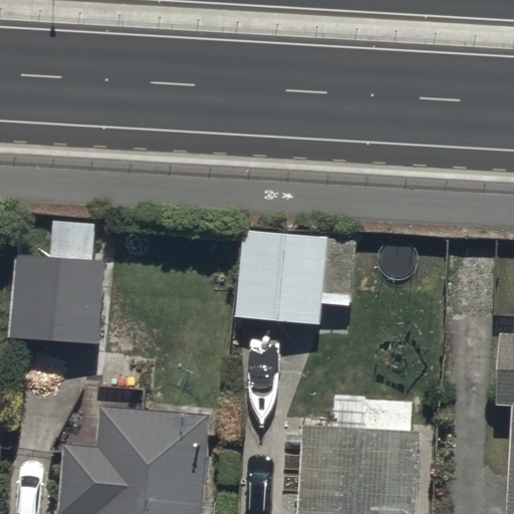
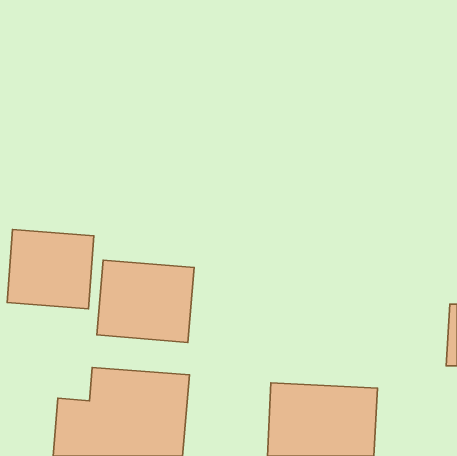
building: [233,232,325,325] -> none
building: none -> [97,260,194,342]

